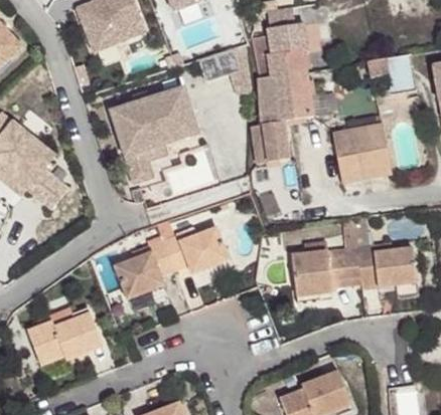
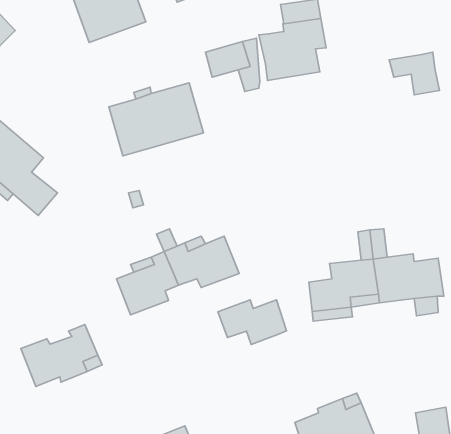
building: [250,74,311,167] -> none
building: [333,119,399,187] -> none
building: [123,141,165,179] -> none
building: none -> [218,300,287,345]

